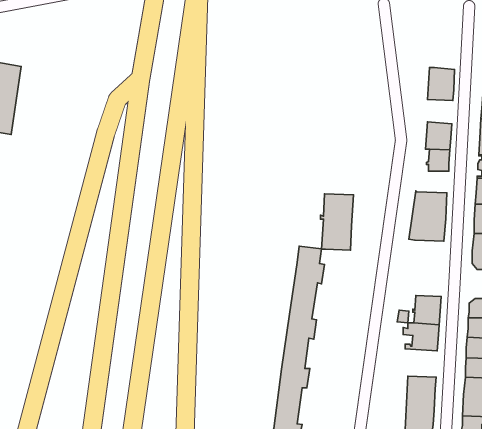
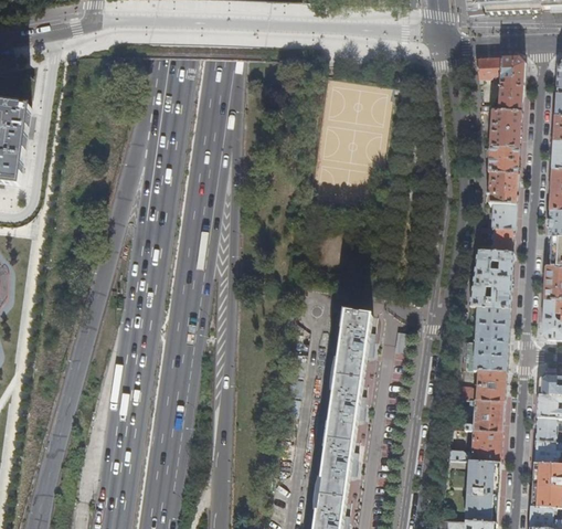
building: none -> [476,52,526,107]
building: none -> [489,141,520,169]
building: none -> [479,222,516,247]
building: [320,194,354,250] -> [473,301,510,366]
building: none -> [448,425,502,457]

